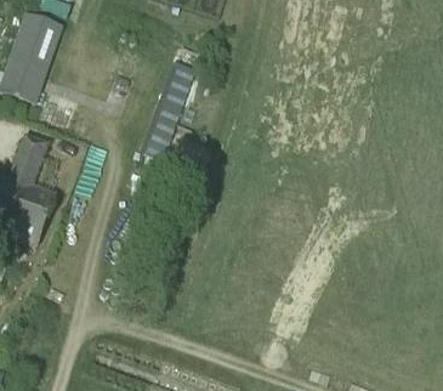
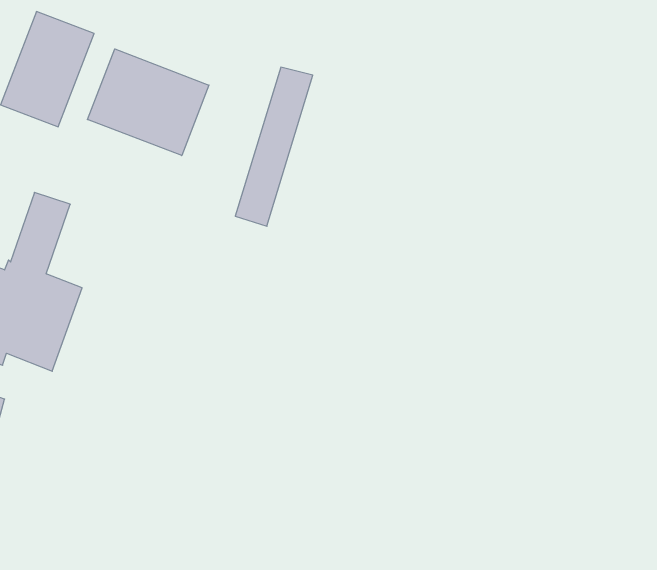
building: none -> [87,49,209,156]

